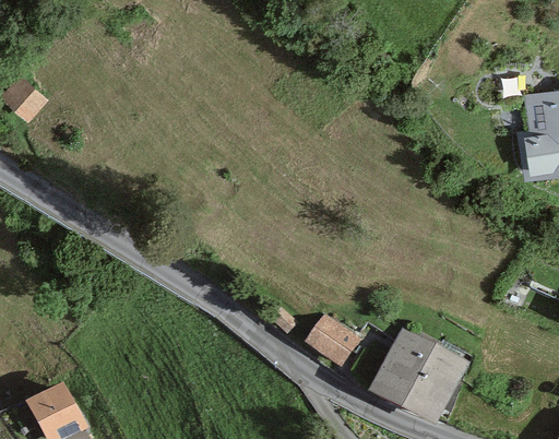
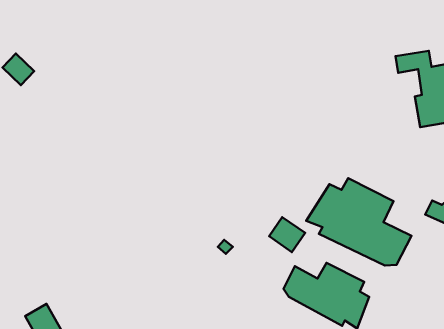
building: none -> [306,178,412,266]
building: [310,319,355,363] -> [269,217,305,252]

